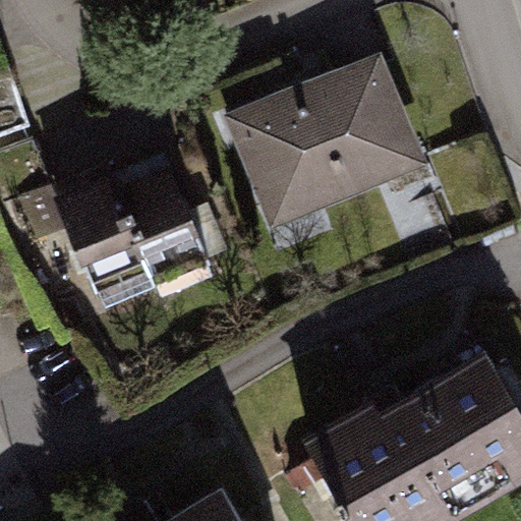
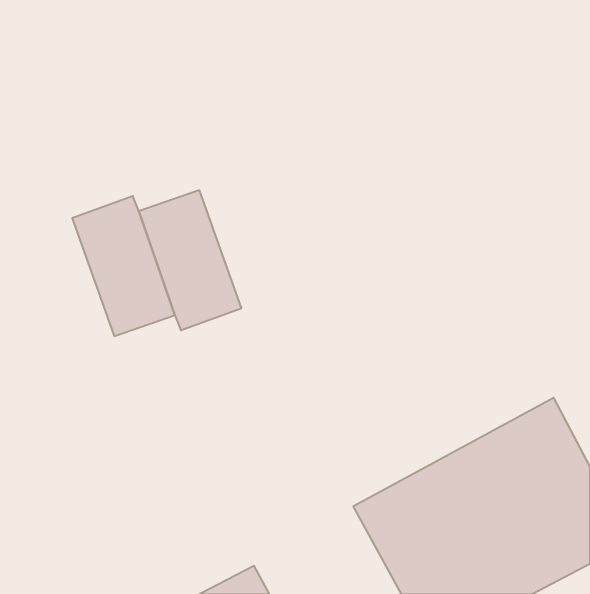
building: [222,55,426,230] -> none

